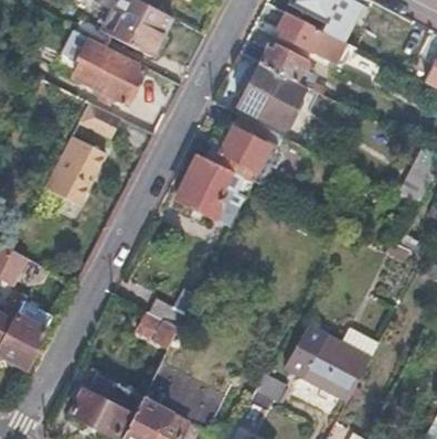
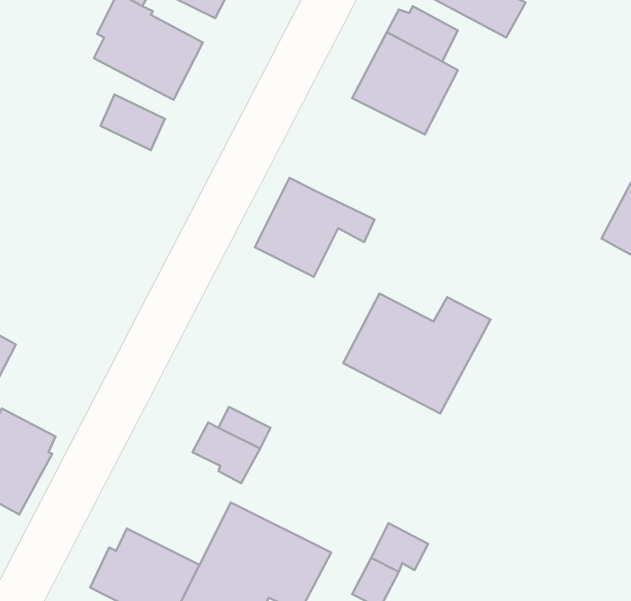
building: [214,116,283,184] -> none
building: [43,137,106,207] -> none
building: [284,324,377,400] -> [343,294,491,413]

